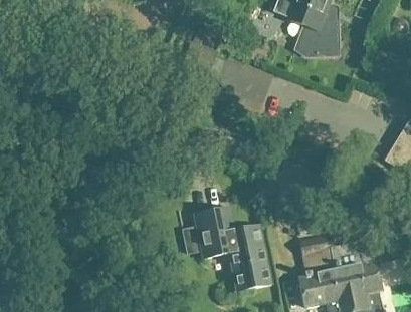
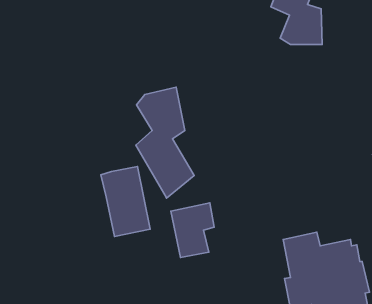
building: none -> [136,87,194,198]
building: [222,222,269,289] -> [101,166,150,237]

